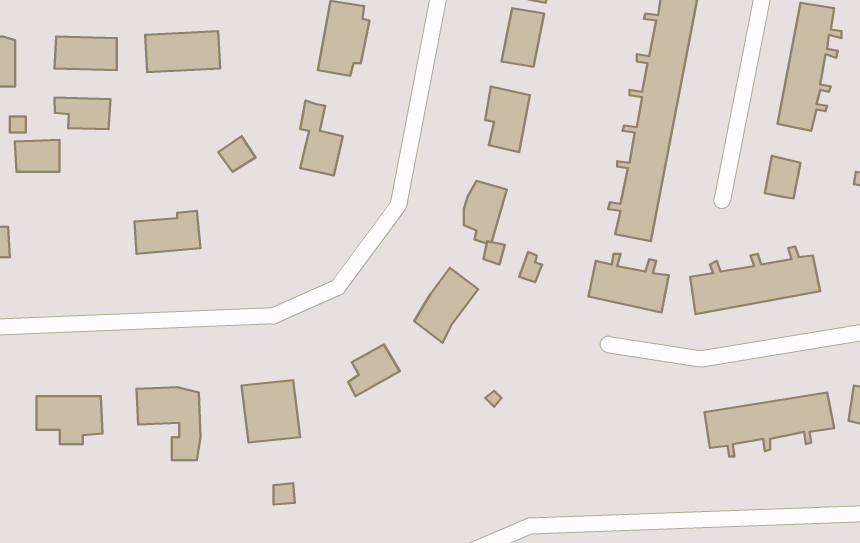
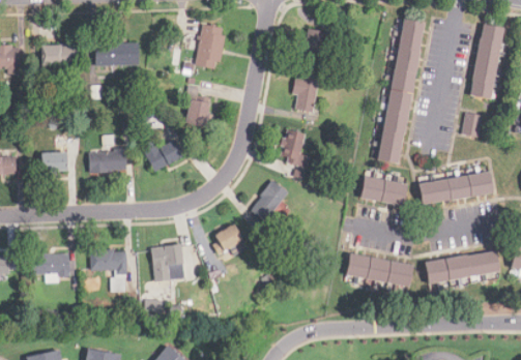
building: [54,98,110,129] -> none
building: [15,140,59,172] -> [42,152,68,171]
building: none -> [143,139,186,171]
building: none -> [340,256,408,294]

